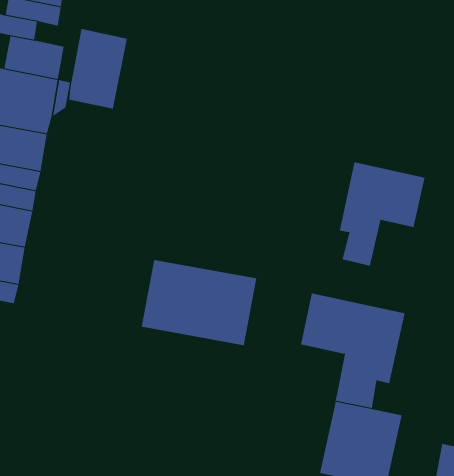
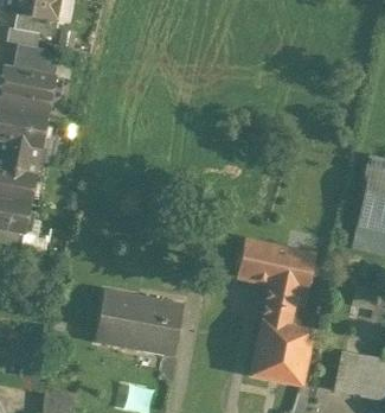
building: [69,28,127,109] -> none
building: [339,162,425,266] -> none
building: [141,259,257,346] -> [96,290,184,355]

